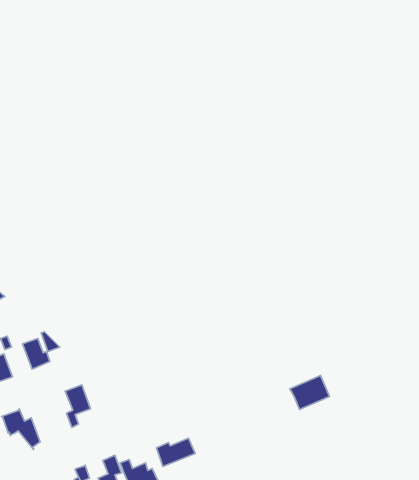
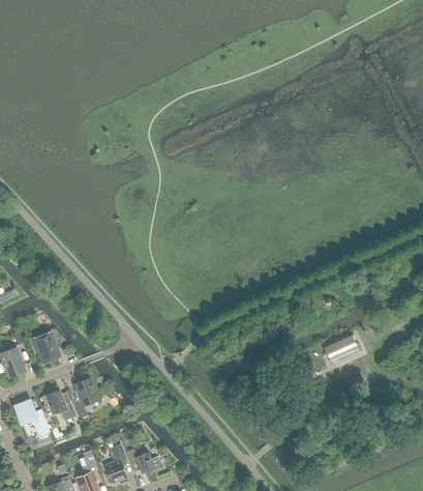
building: [290,376,329,410] -> [323,334,360,366]
building: none -> [42,391,77,422]
building: [156,438,195,466] -> none

